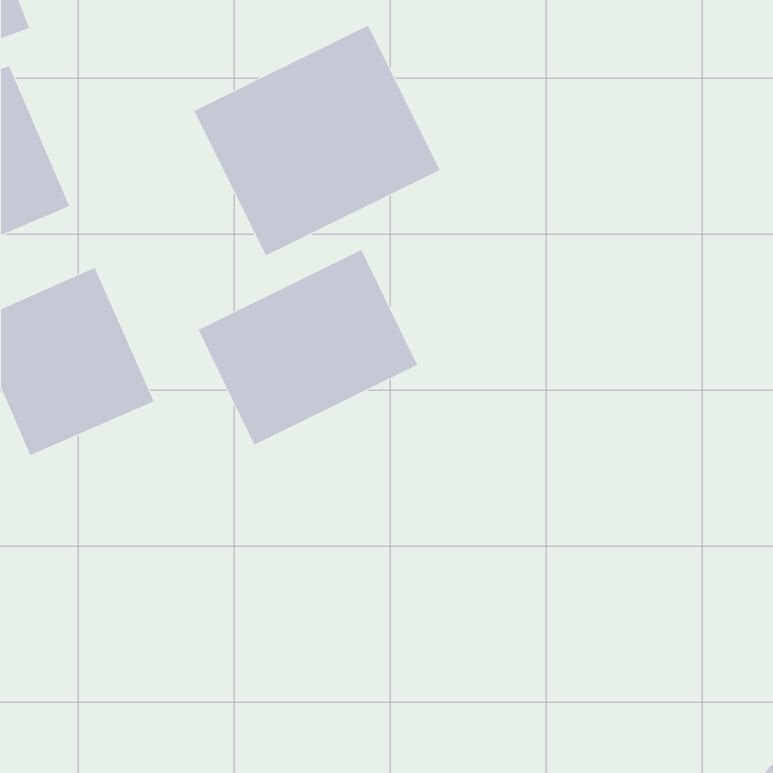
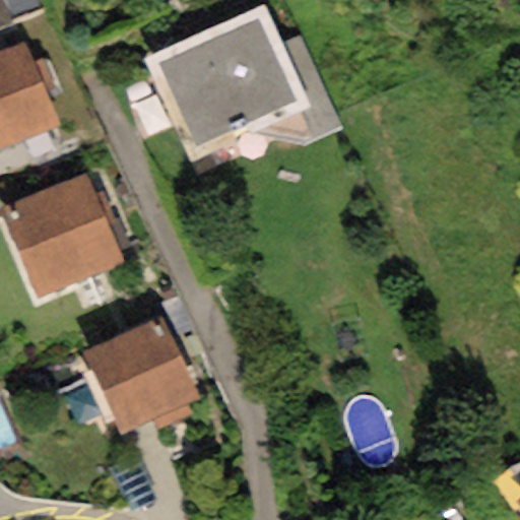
building: [198,249,418,446] -> none
building: none -> [75,322,200,446]

